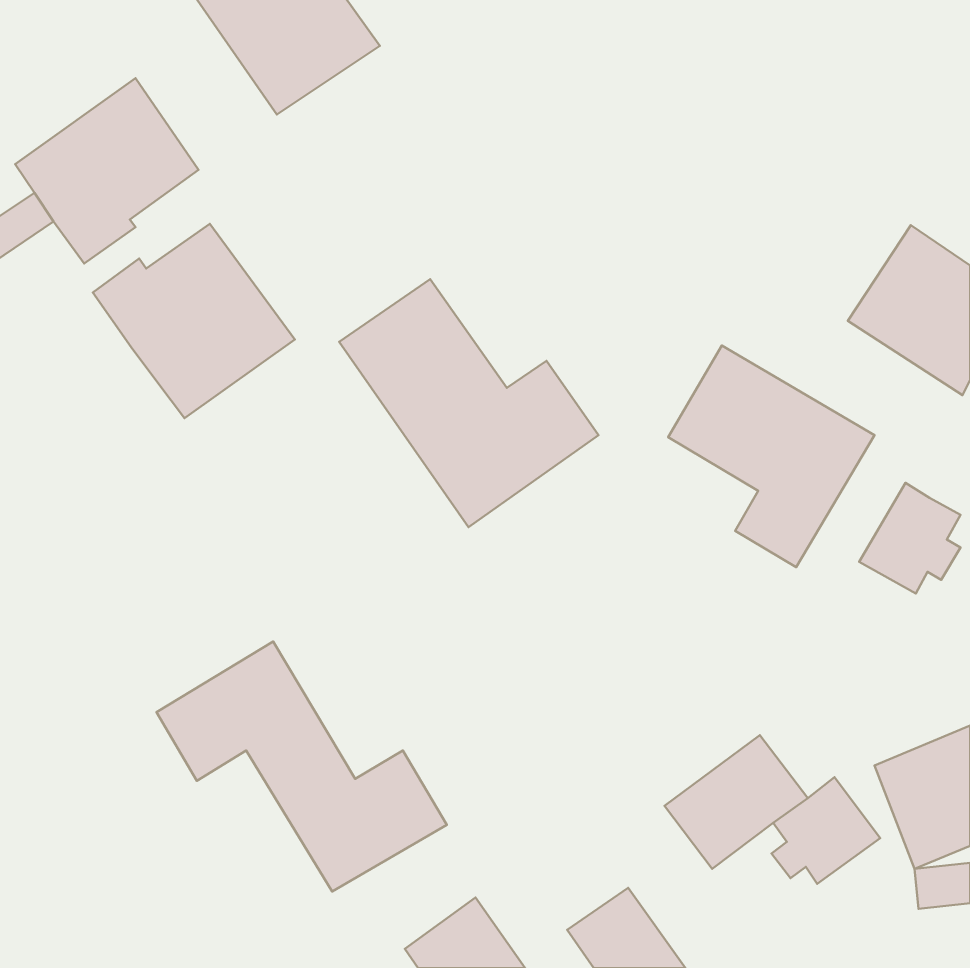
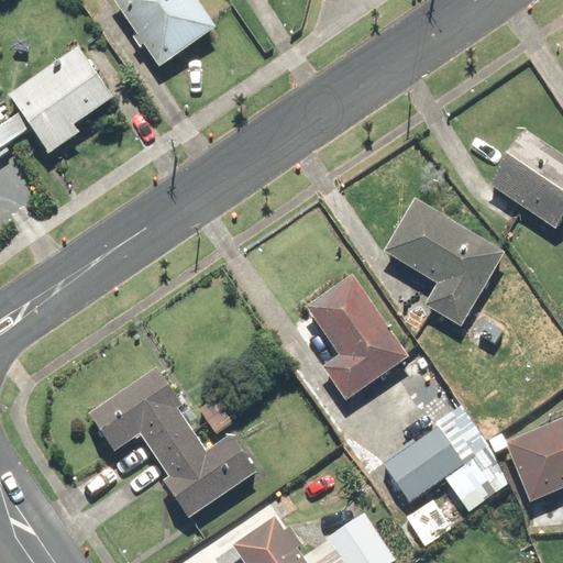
building: [93,224,295,418] -> none
building: [339,279,599,527] -> none
building: none -> [303,274,435,400]
building: [859,483,961,594] -> none

